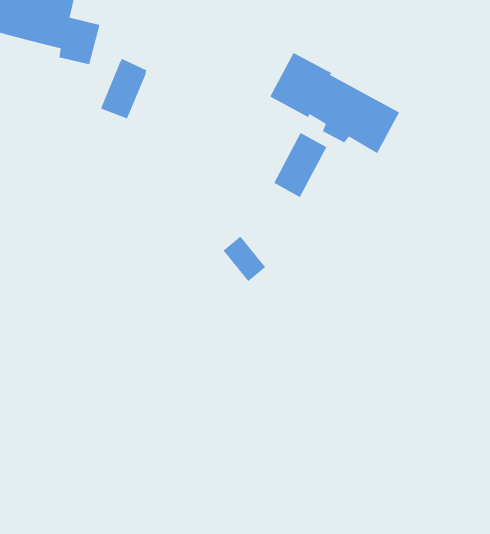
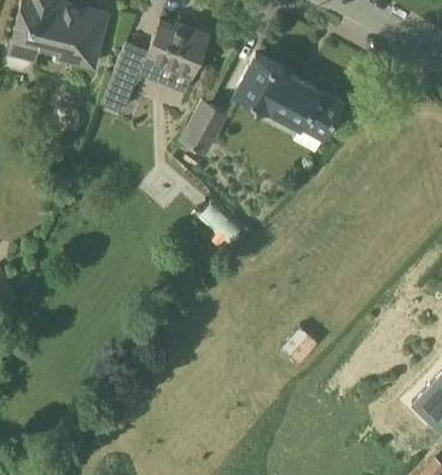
building: none -> [145,23,208,77]
building: [273,132,327,198] -> [182,102,226,155]

